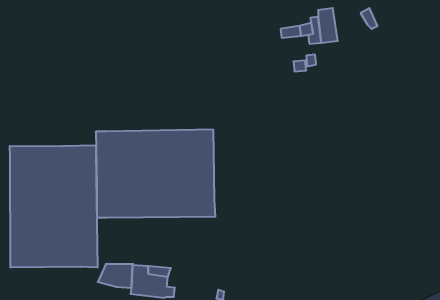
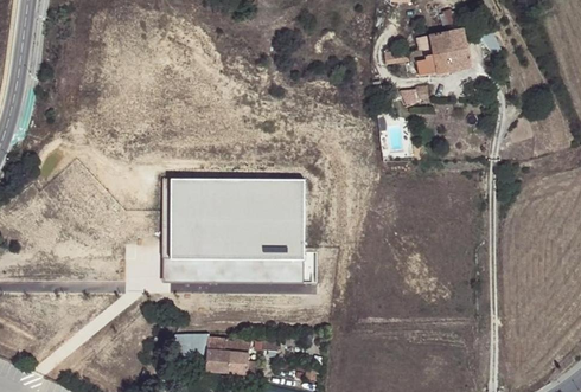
building: none -> [448,30,472,70]
building: [10,145,97,268] -> none

